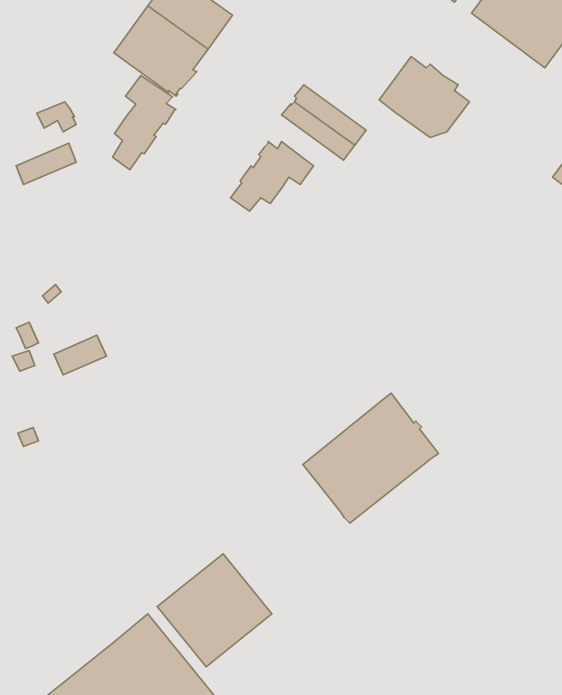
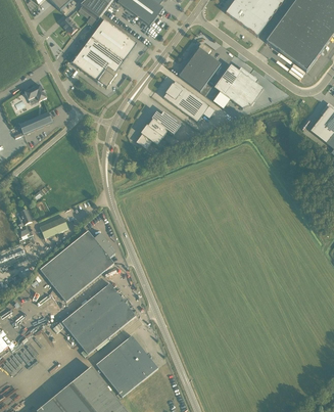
building: none -> [178,44,220,90]
building: [112,76,176,170] -> none
building: none -> [39,230,115,301]
building: [303,393,438,523] -> [61,282,135,353]

